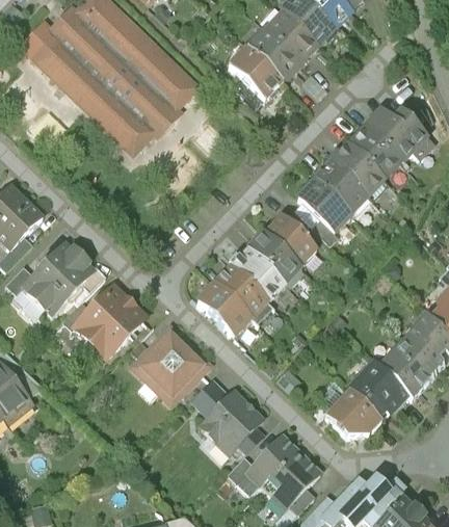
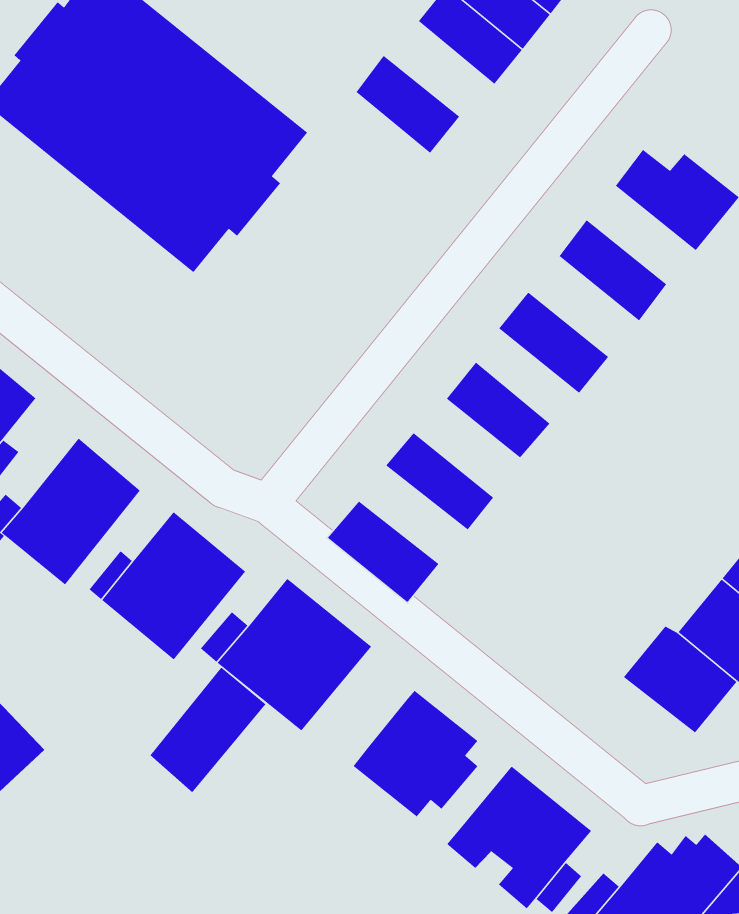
building: [243,27,301,84] -> none
building: [345,126,402,181] -> none
building: [311,161,369,217] -> none
building: [243,231,301,288] -> none
building: [211,266,268,321] -> none
building: none -> [149,666,266,793]
building: [188,376,229,416] -> none
building: [321,390,381,441] -> none
building: [224,455,258,497] -> none

